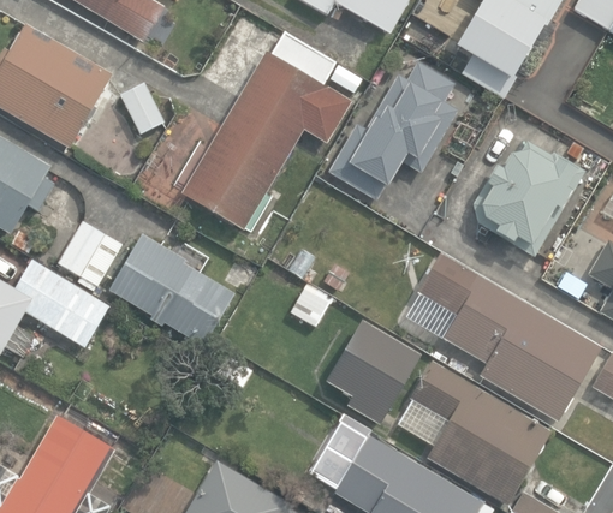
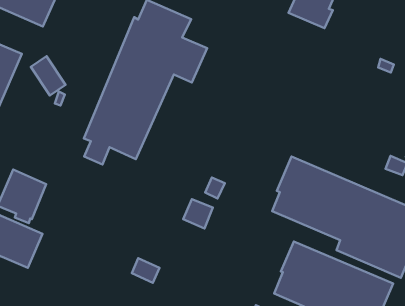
building: [328,62,458,202] -> none
building: [472,142,587,258] -> none
building: [111,235,234,346] -> none
building: [325,321,421,426] -> none

